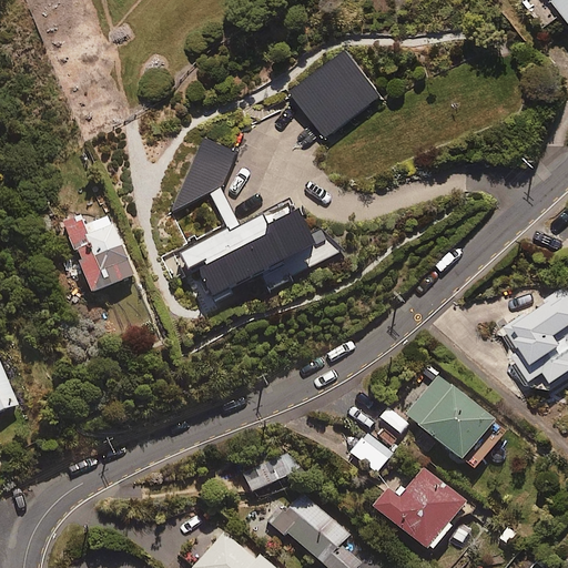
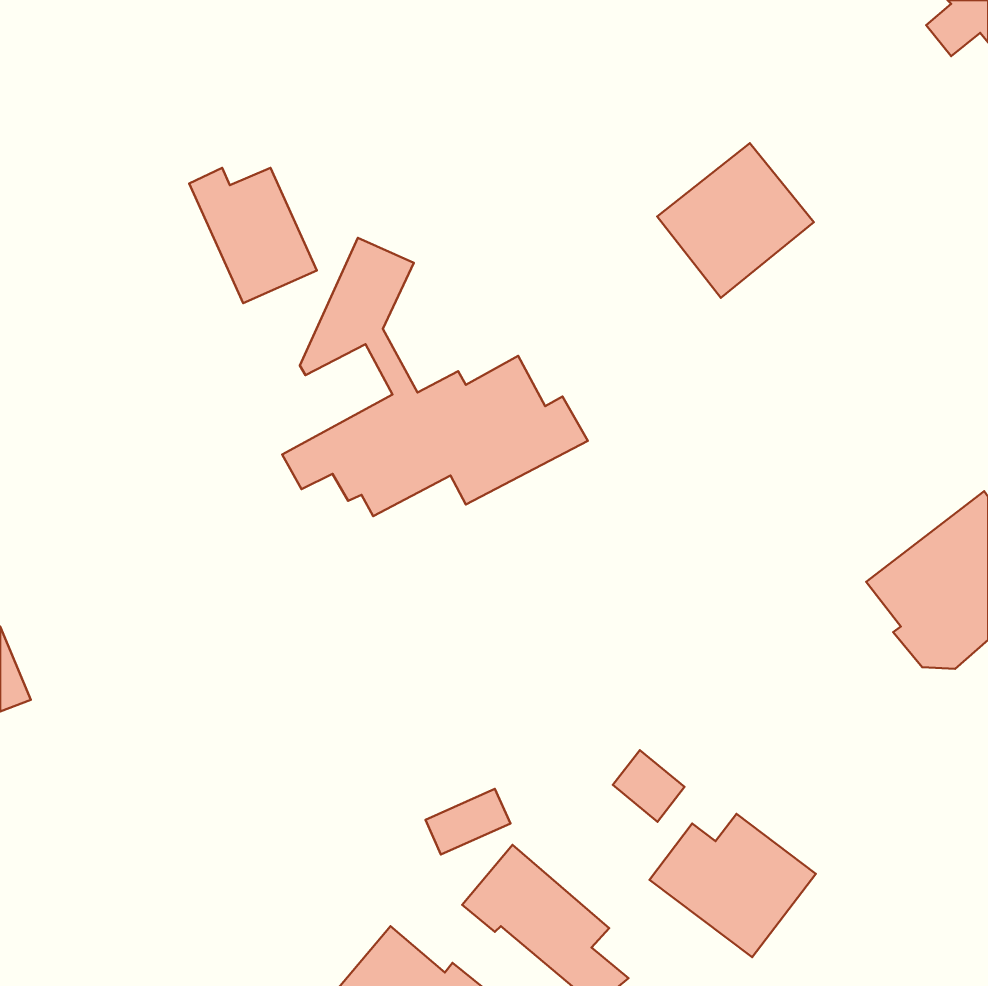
building: [292,49,382,138] -> [657,143,814,298]
building: [62,214,135,292] -> [189,168,317,303]
building: [406,374,508,469] -> none

